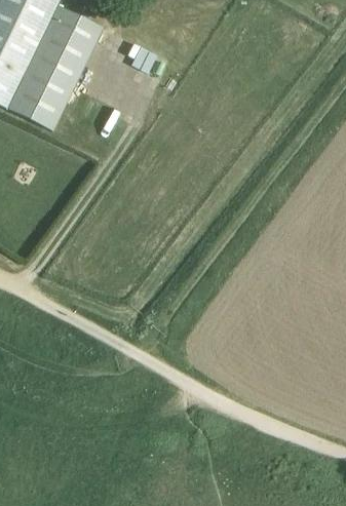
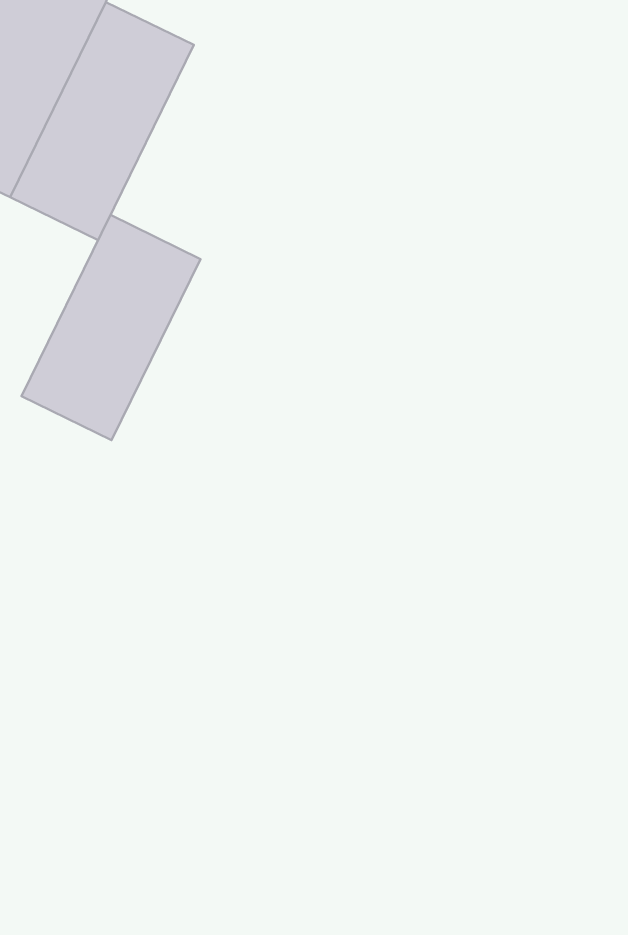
building: none -> [22,215,200,440]

